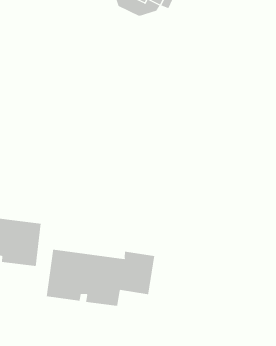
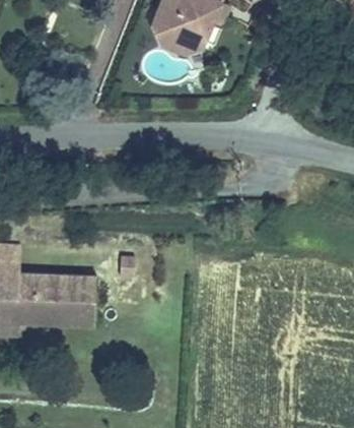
building: [46,249,155,307] -> none

